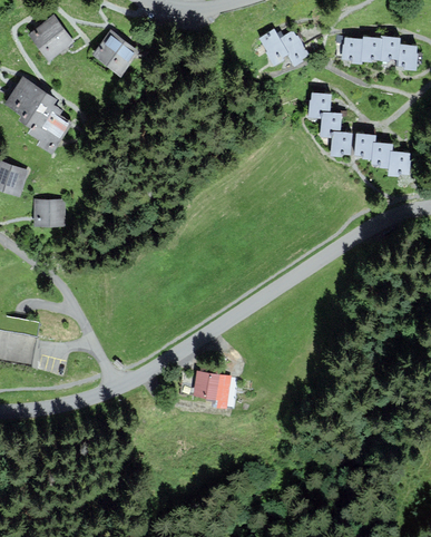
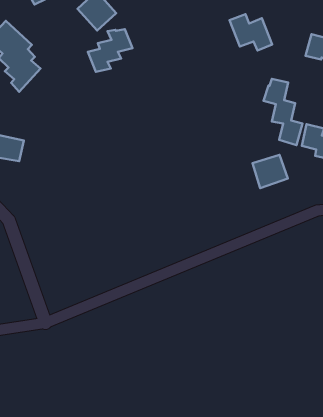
building: none -> [88,29,133,72]
building: none -> [253,155,288,188]
building: [197,372,231,406] -> none

